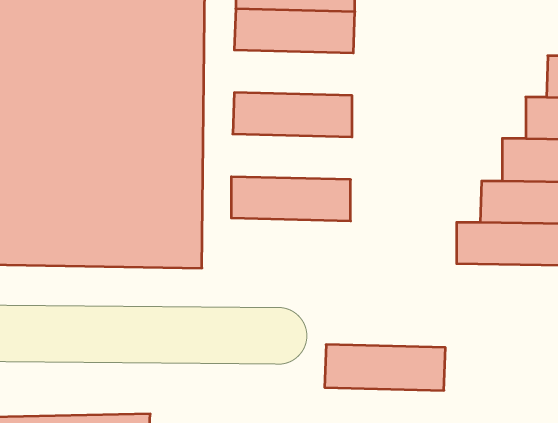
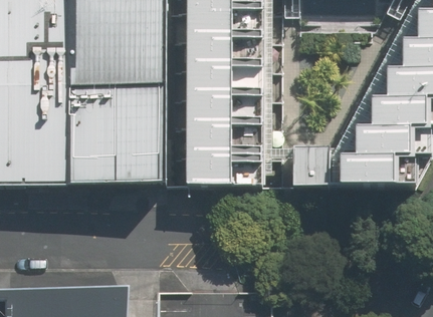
building: none -> [185,38,266,69]
building: none -> [183,95,265,126]
building: none -> [288,146,328,183]
building: [325,345,445,390] -> [182,152,264,184]

